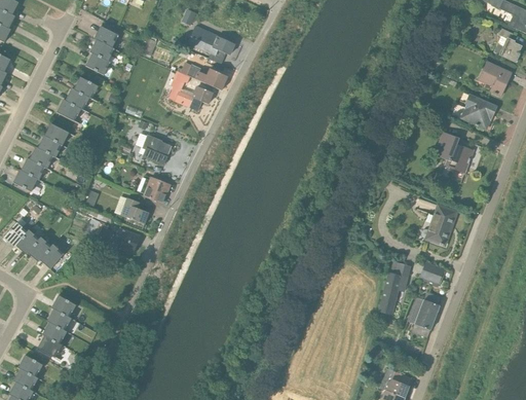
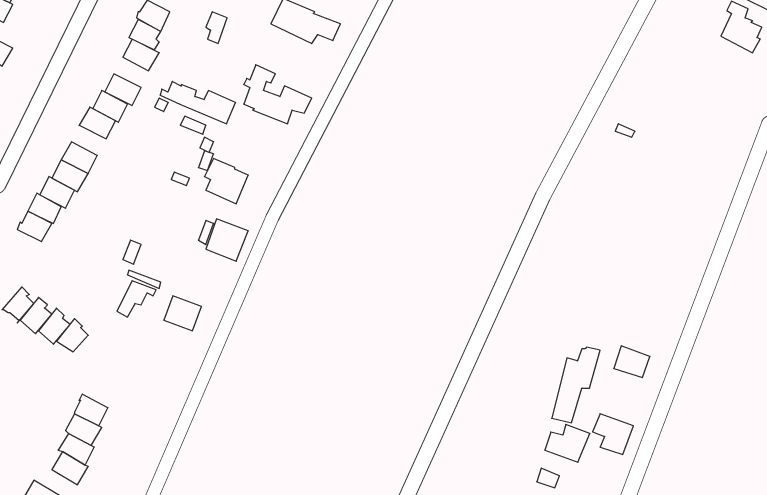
building: [477,61,512,97] -> none
building: [177,62,228,90] -> [160,81,236,124]
building: [459,92,496,131] -> none
building: [433,131,474,174] -> none
building: [114,195,149,224] -> none
building: [420,203,458,247] -> none
building: [411,291,442,317] -> [545,424,590,462]

